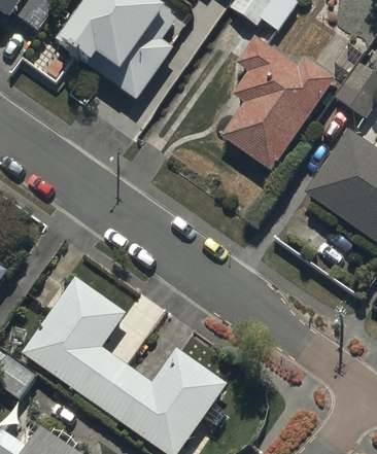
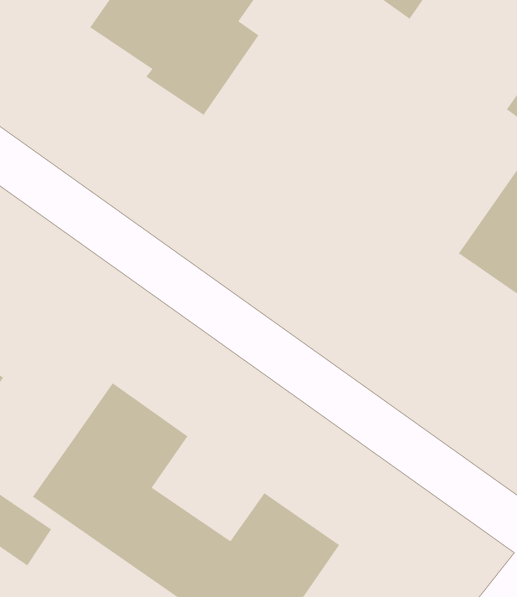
building: [221,36,336,171] -> none

